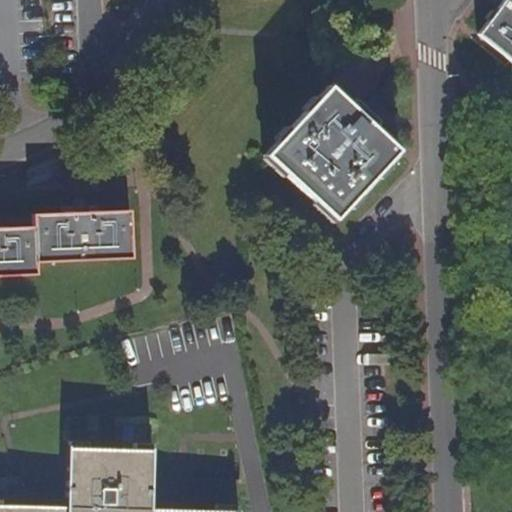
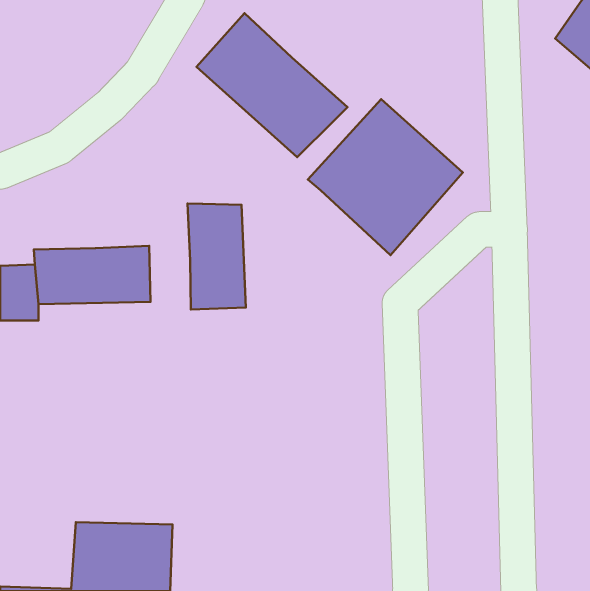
building: none -> [196,13,347,157]
building: none -> [188,204,246,310]

